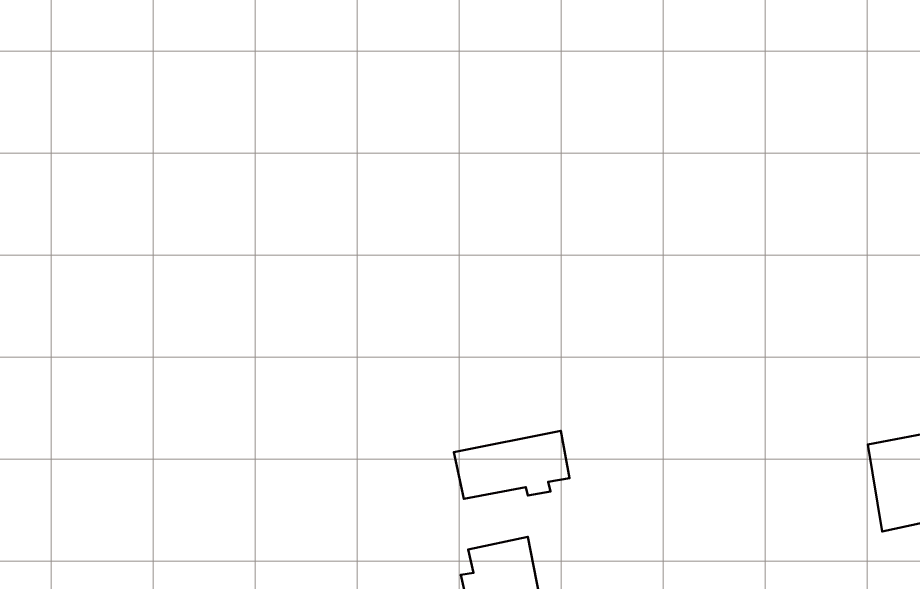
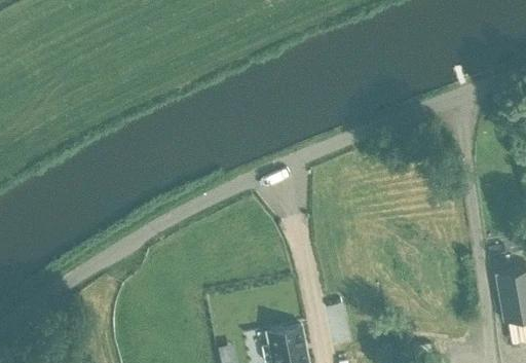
building: [454,431,569,499] -> none

